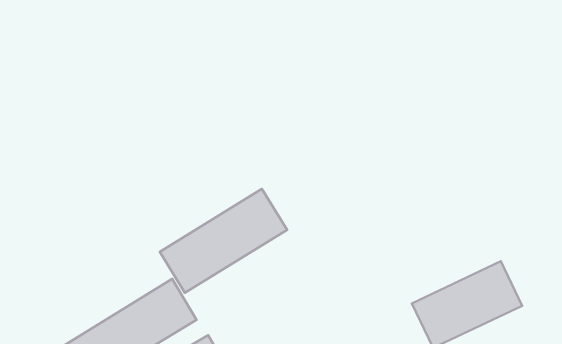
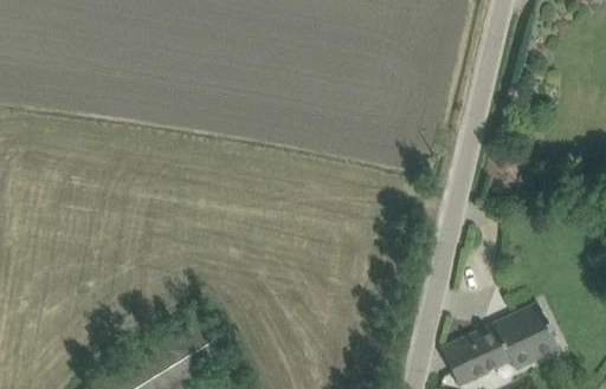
building: [160,189,287,293] -> none

